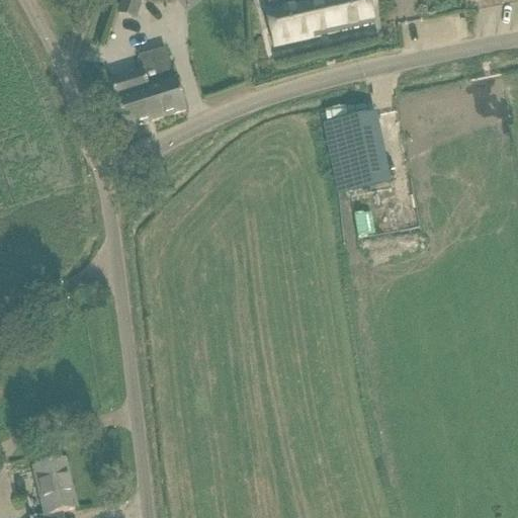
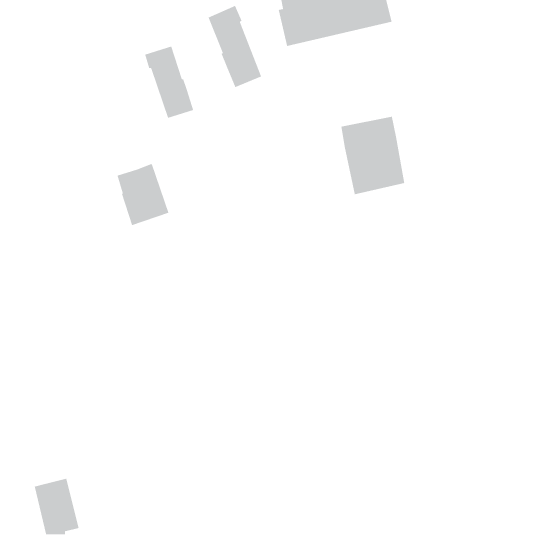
building: none -> [207,5,262,88]
building: [110,66,161,125] -> [117,163,170,226]

